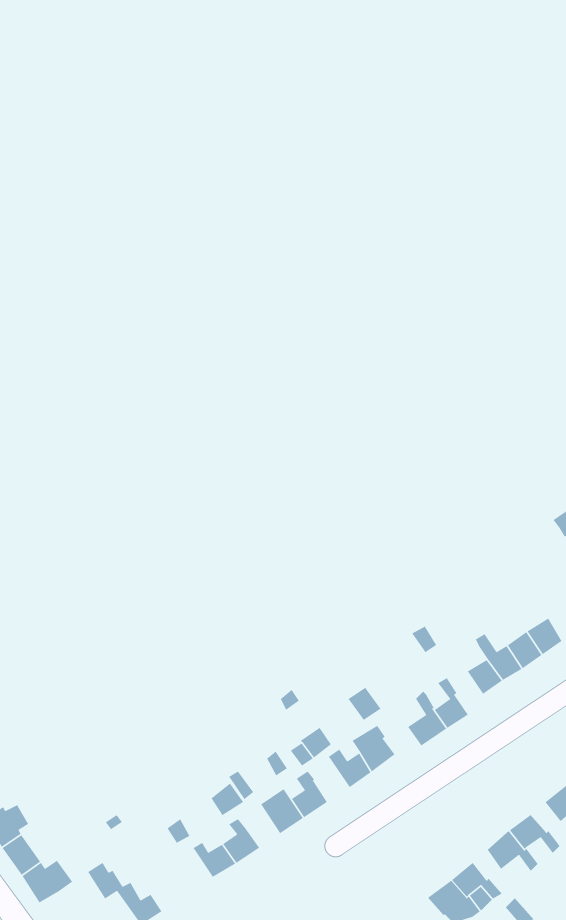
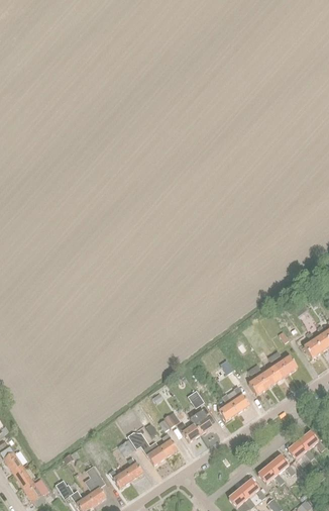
building: none -> [86,467,106,505]

